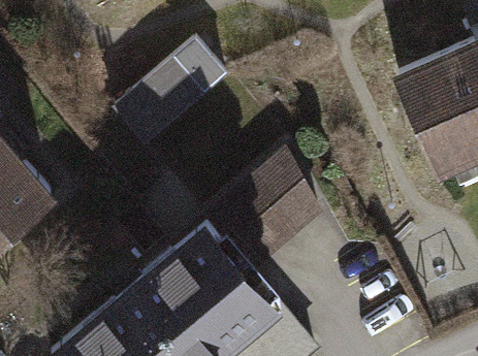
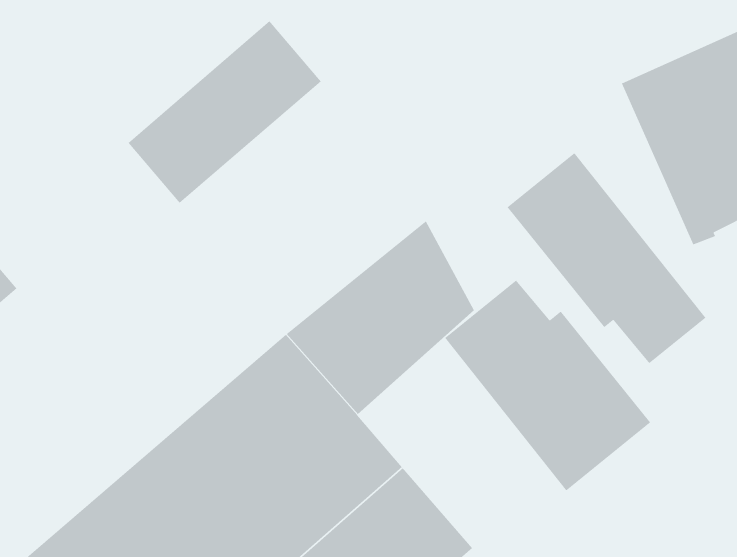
building: none -> [507,152,707,364]
building: none -> [444,280,651,491]

